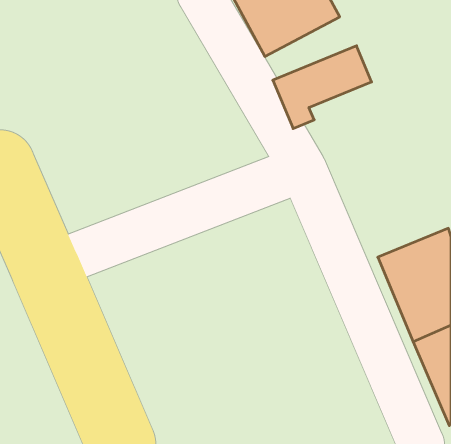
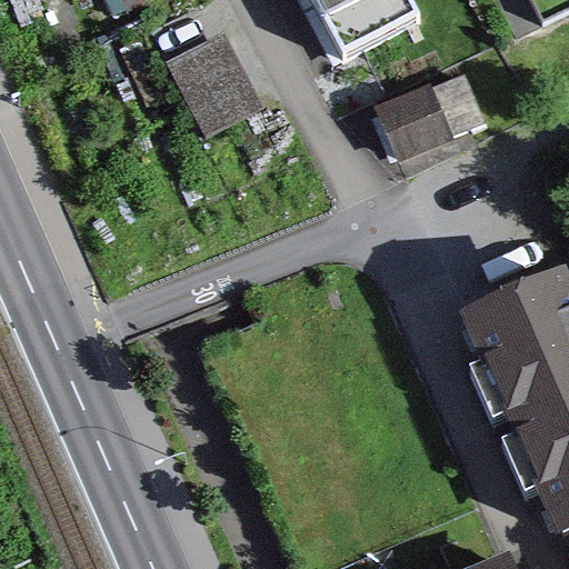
building: none -> [167,31,266,139]

